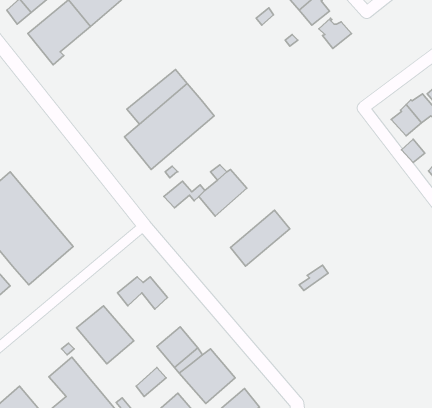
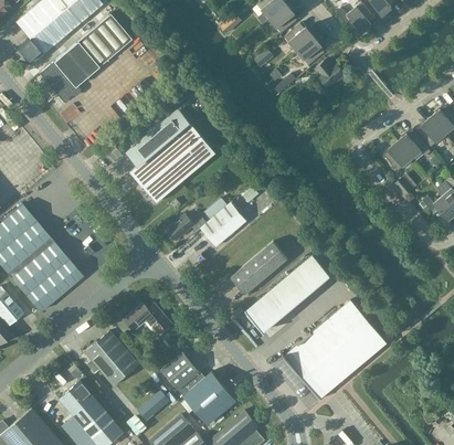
building: none -> [245,254,328,331]
building: none -> [282,300,387,399]

